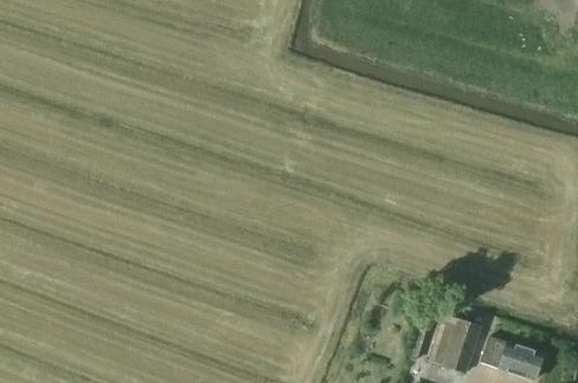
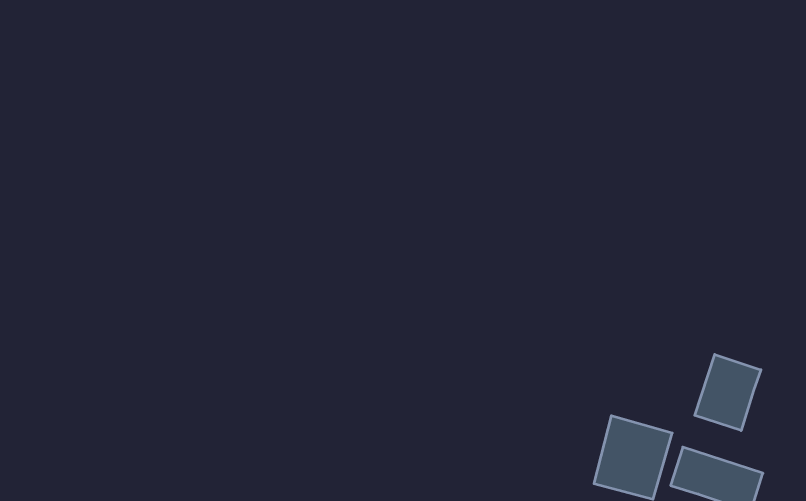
building: none -> [695,354,761,431]

